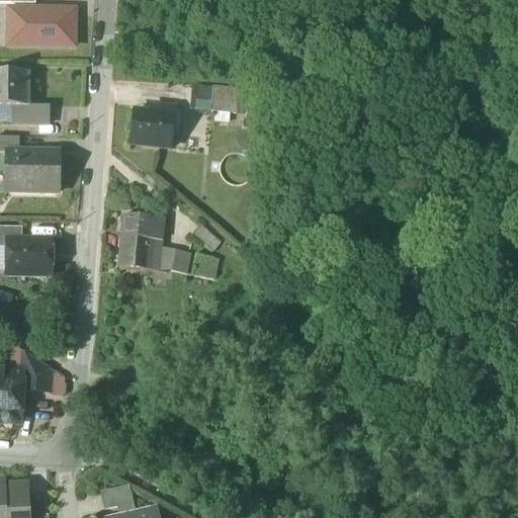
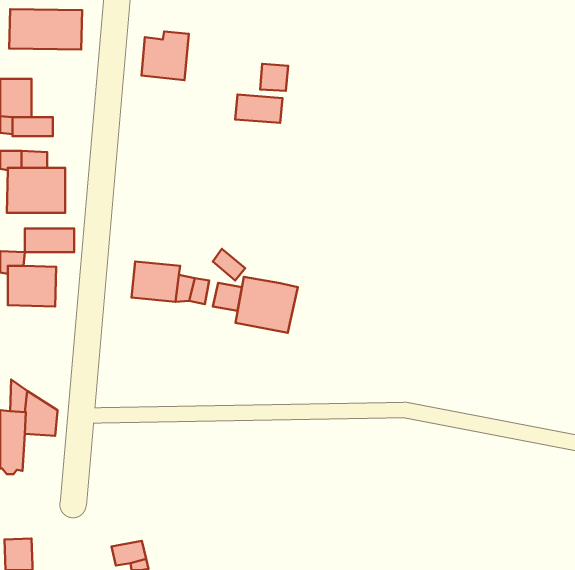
building: [188,83,213,107] -> [260,64,288,91]
building: [132,105,174,149] -> [142,32,189,80]
building: none -> [25,229,74,252]
building: [121,213,164,239] -> none
building: none -> [235,277,298,333]

